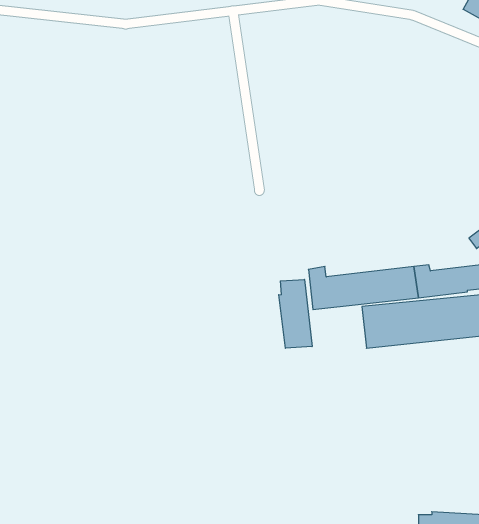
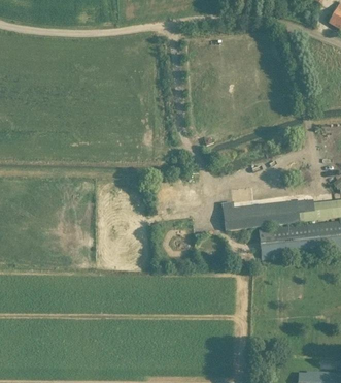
building: [279,279,312,348] -> none

